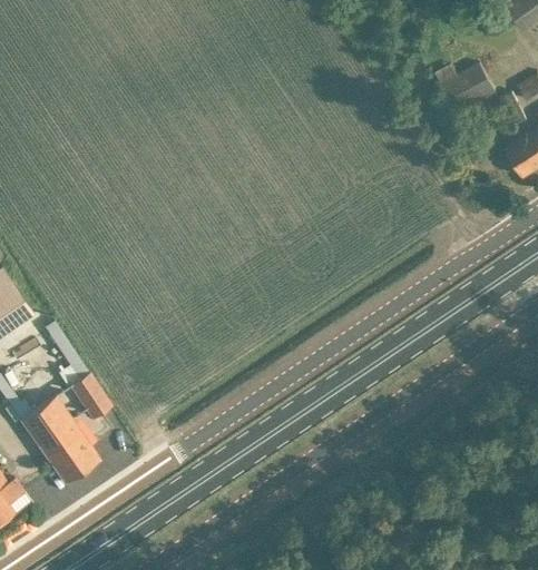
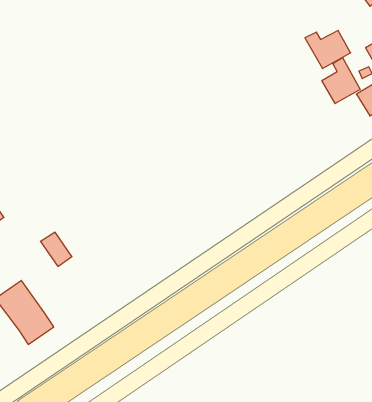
building: none -> [322,57,360,104]
building: [70,373,113,419] -> [40,232,72,266]

